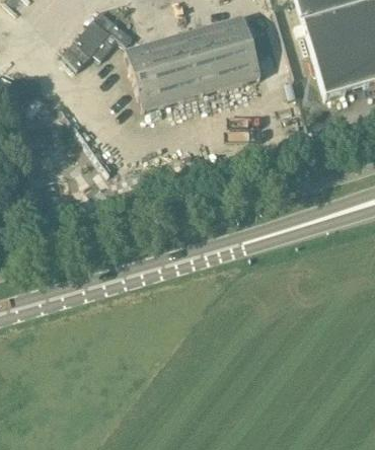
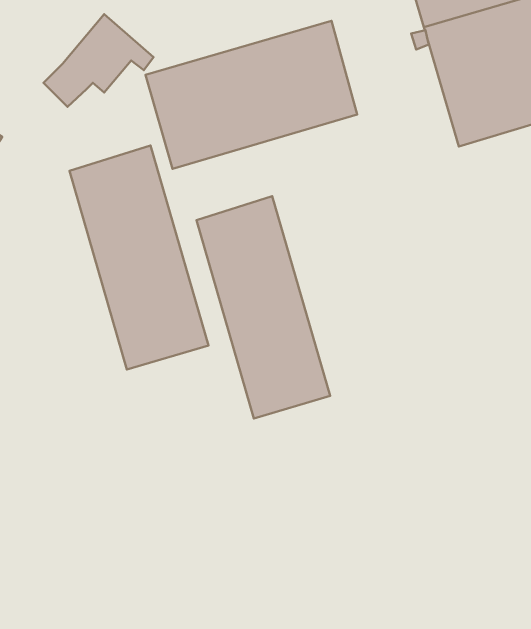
building: none -> [70,145,208,369]
building: none -> [196,196,330,418]

